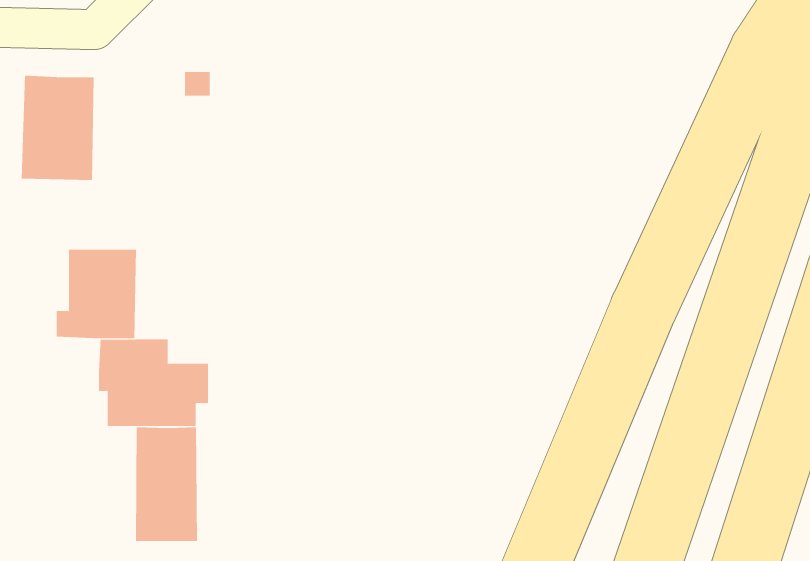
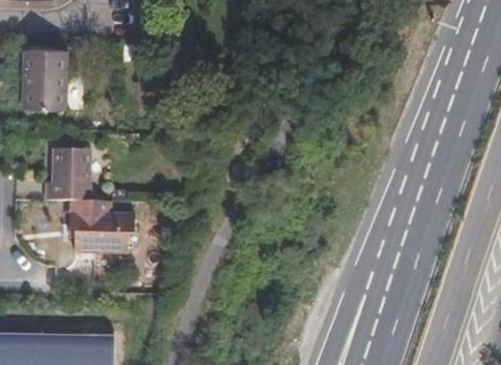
building: [136,427,197,542] -> none

